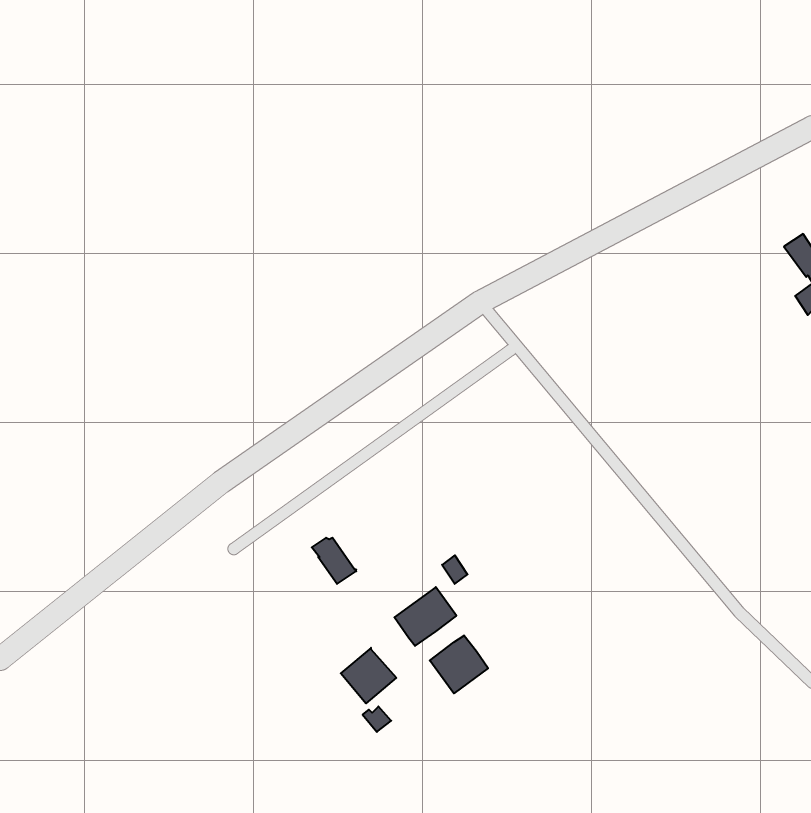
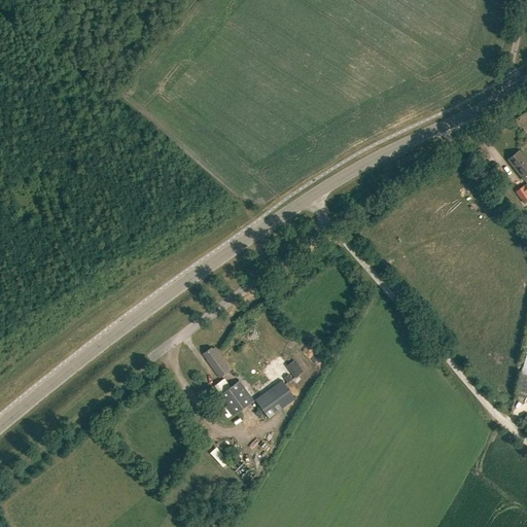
building: [430,635,488,693] -> none
building: [341,648,396,703] -> [218,377,254,413]

